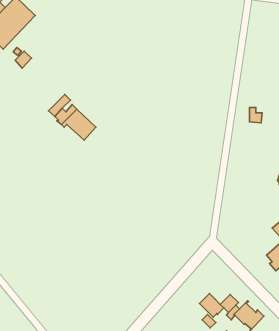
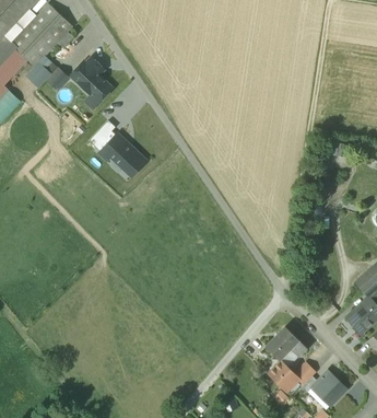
building: none -> [69,58,110,98]
building: none -> [266,326,307,368]

